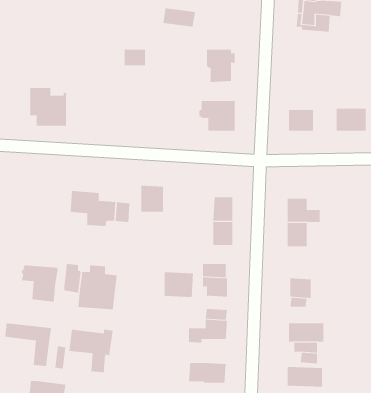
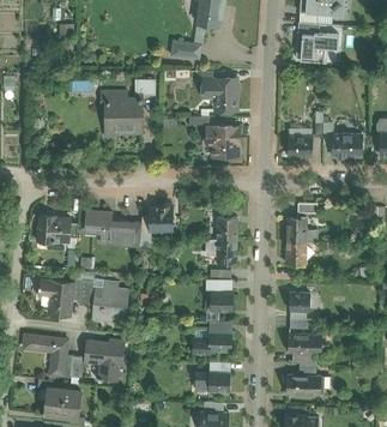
building: [29,87,67,126] -> [107,94,141,130]
building: none -> [36,215,69,242]
building: [164,271,194,298] -> none

